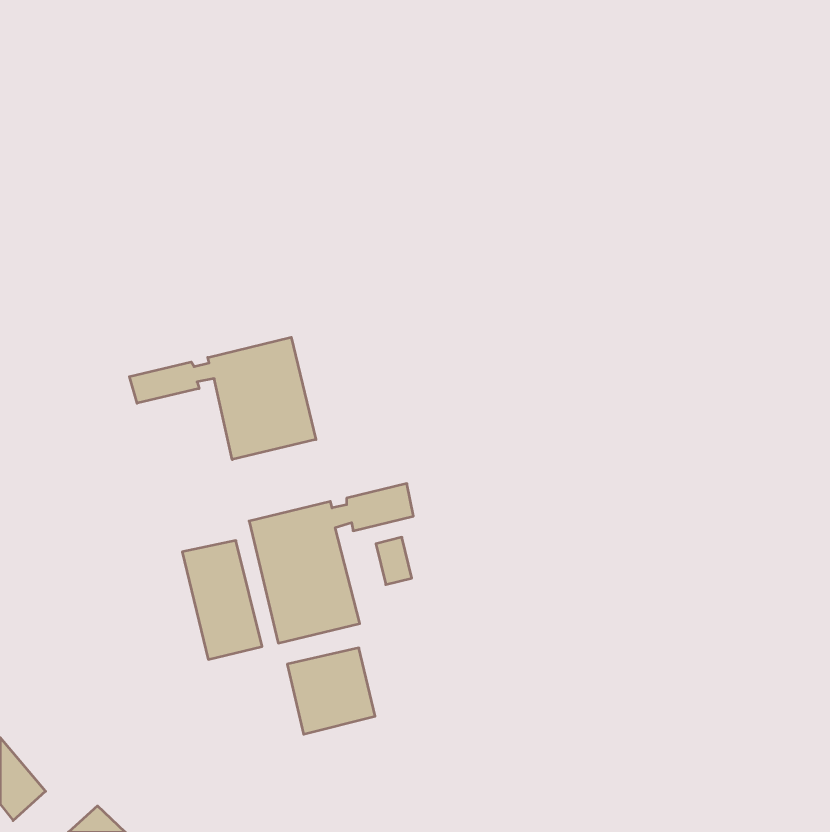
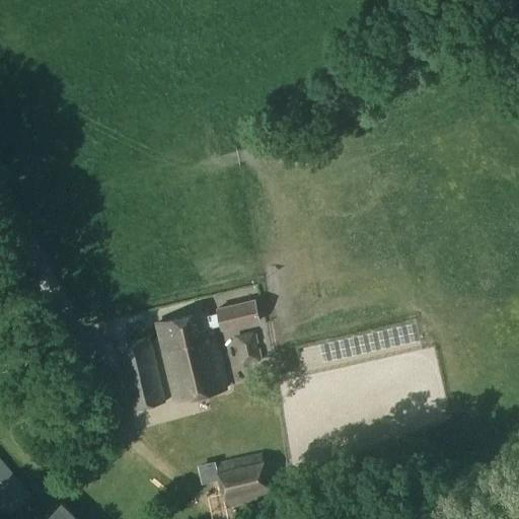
building: [129,337,316,460] -> none
building: [287,648,375,734] -> [216,454,271,508]

